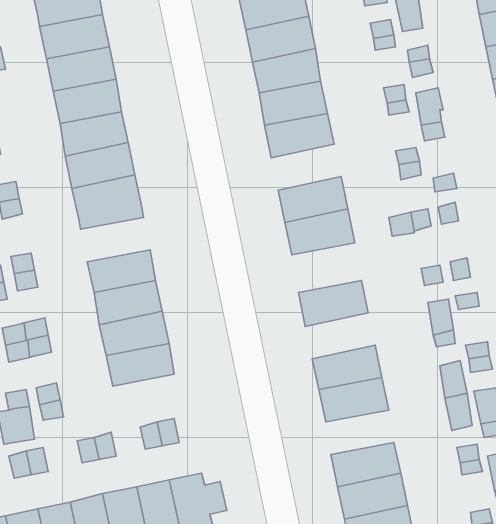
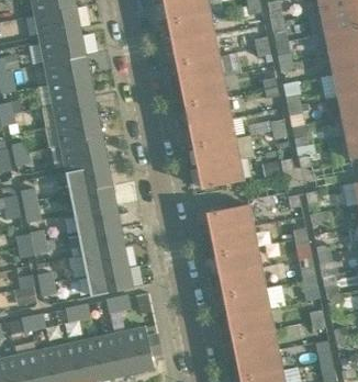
building: none -> [189,116,234,146]
building: none -> [66,164,111,192]
building: none -> [211,225,256,255]
building: none -> [87,265,131,293]
building: none -> [224,288,268,316]

